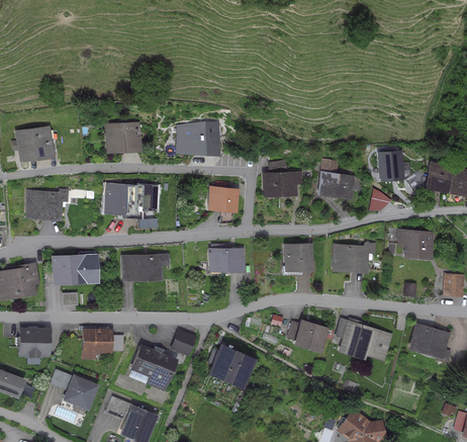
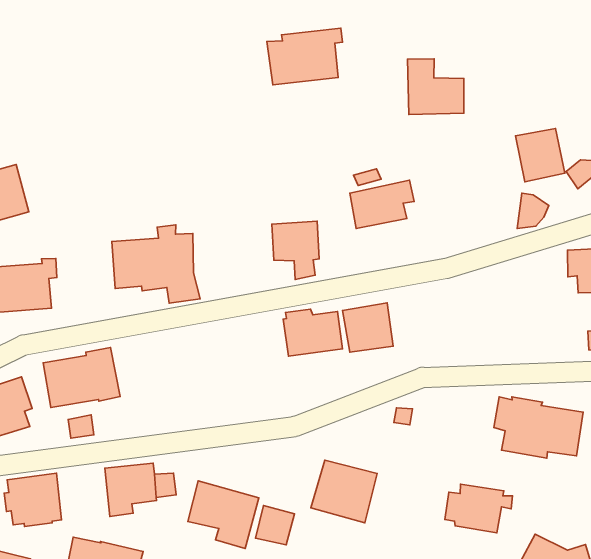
building: [105,121,143,154] -> none
building: [176,121,224,154] -> [267,28,343,85]
building: [317,159,356,198] -> [408,59,464,114]
building: [284,243,313,271] -> [343,303,393,352]
building: [333,243,376,272] -> none
building: [121,253,171,281] -> none
building: [288,319,334,353] -> [445,484,512,533]
building: [170,329,197,356] -> [255,505,295,545]

